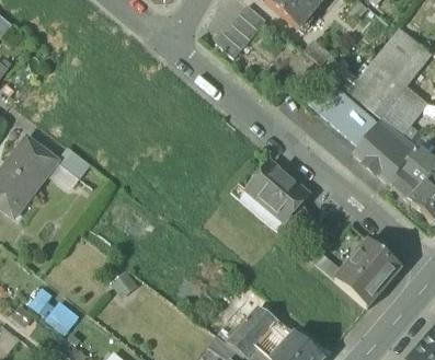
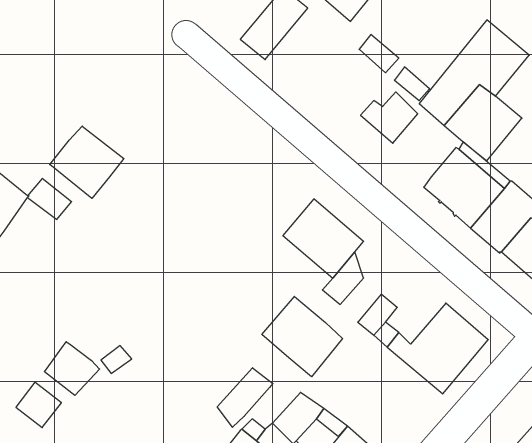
building: [330,97,377,144] -> none
building: none -> [50,126,124,198]
building: none -> [262,296,343,377]
building: none -> [44,342,100,395]
building: none -> [217,368,273,427]

